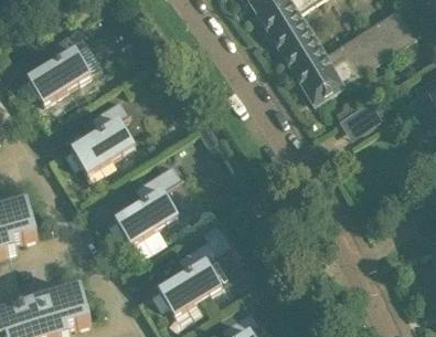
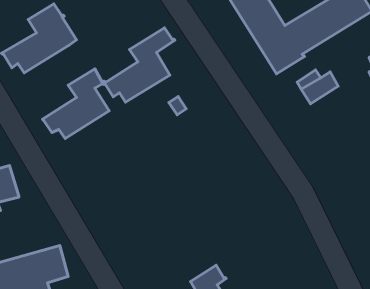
building: [107,162,183,242] -> [104,28,175,102]
building: [150,231,232,313] -> none

